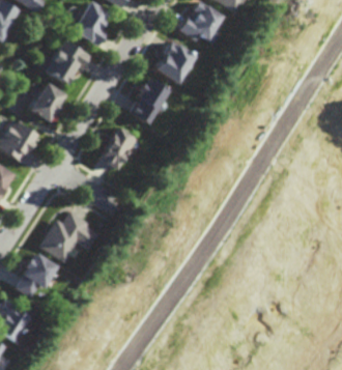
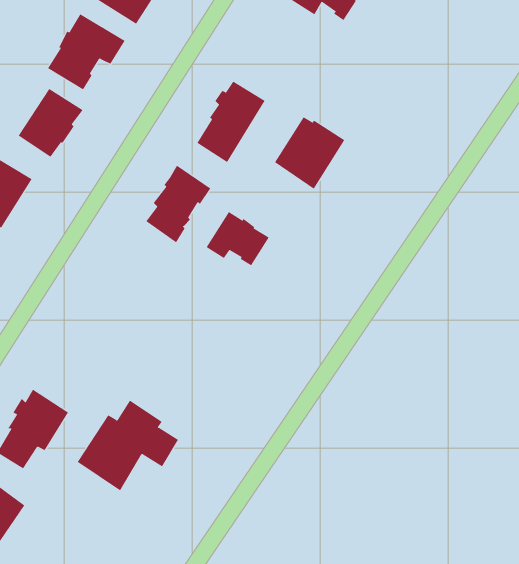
building: [156,39,197,81] -> [274,116,345,189]
building: none -> [206,211,270,266]
building: [41,210,99,262] -> [77,400,179,491]

